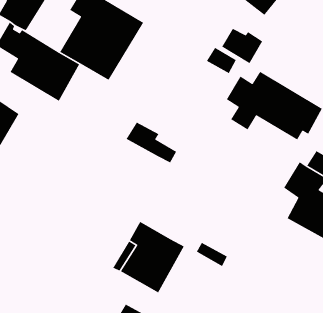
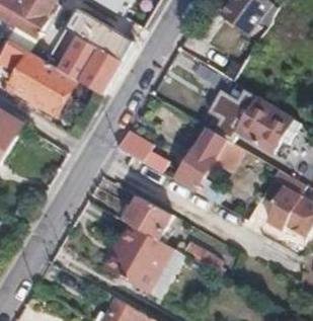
building: none -> [175,127,243,204]
building: none -> [126,196,173,240]

